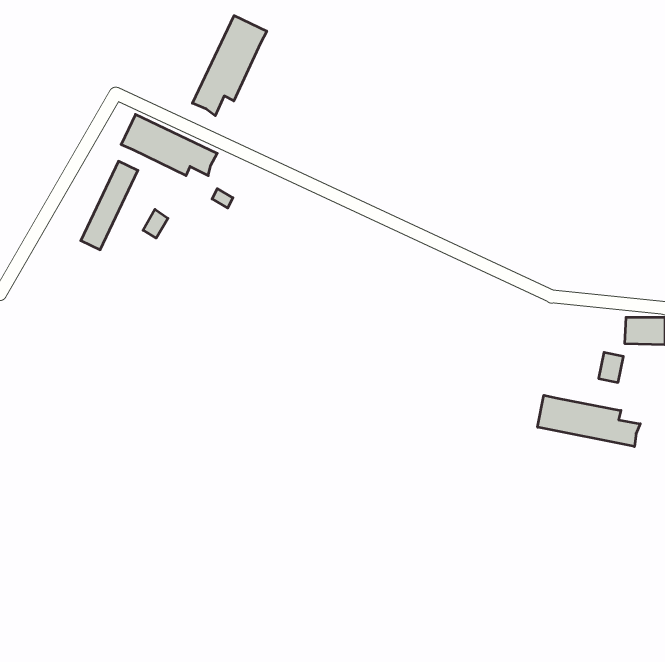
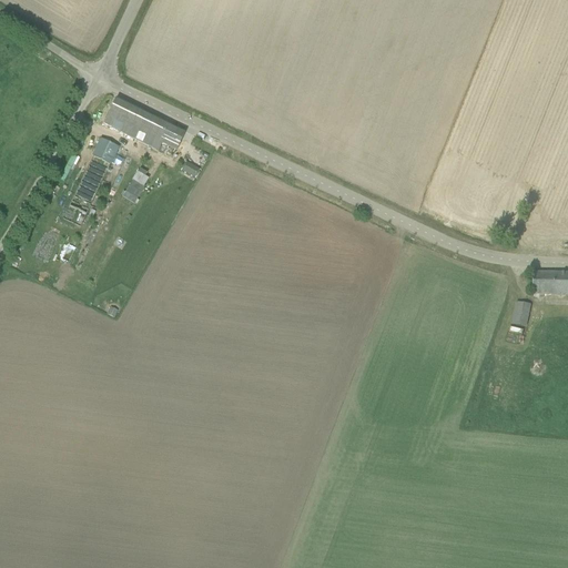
building: [192,16,267,116] -> none
building: [538,395,640,447] -> none

